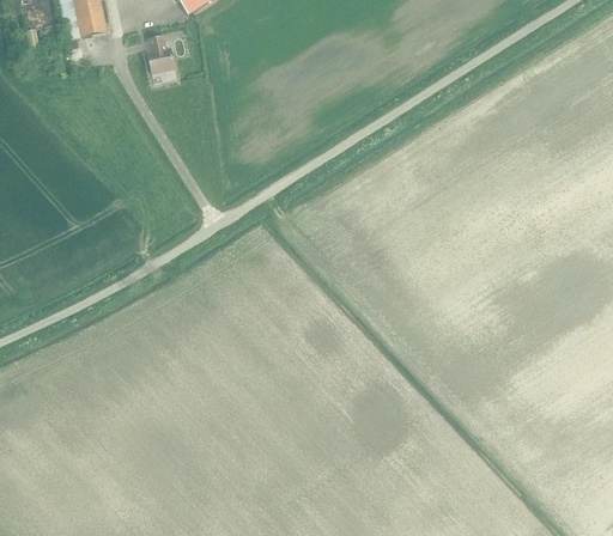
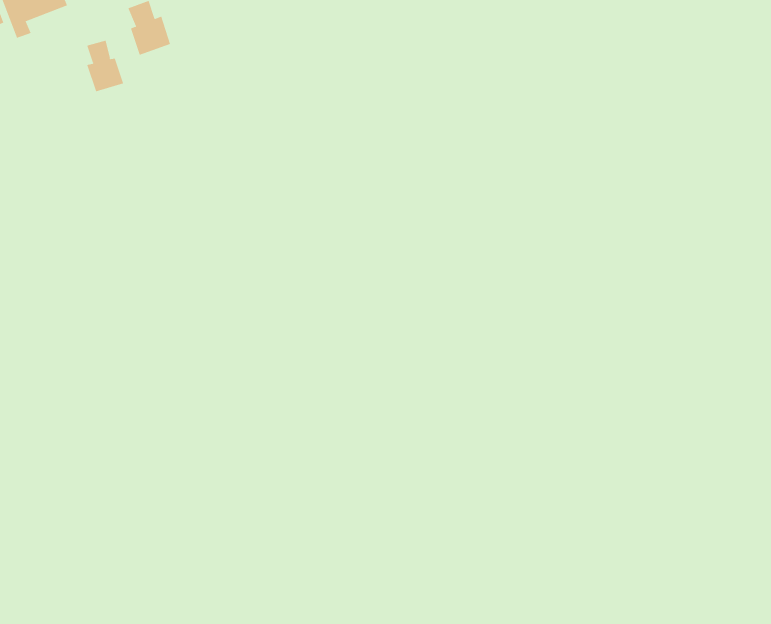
building: none -> [87,40,124,92]

